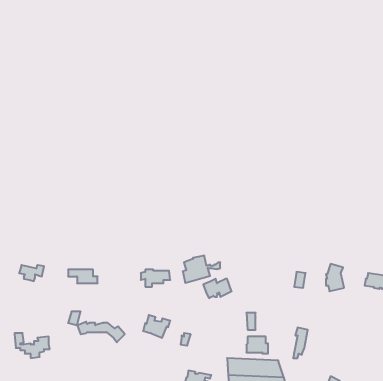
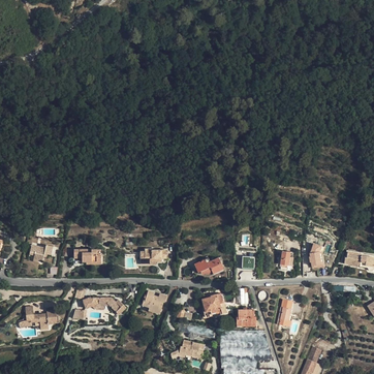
building: [183,256,220,283] -> [201,293,236,318]

